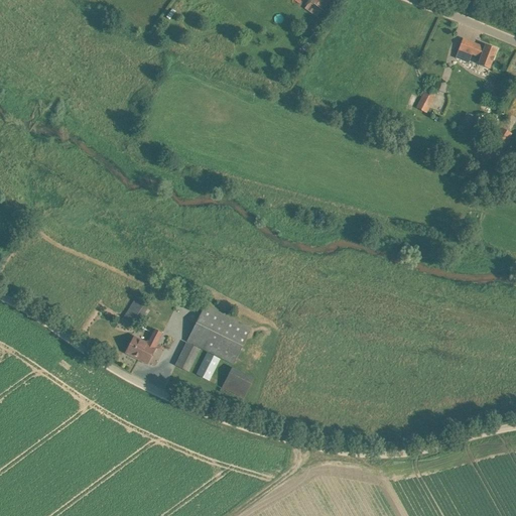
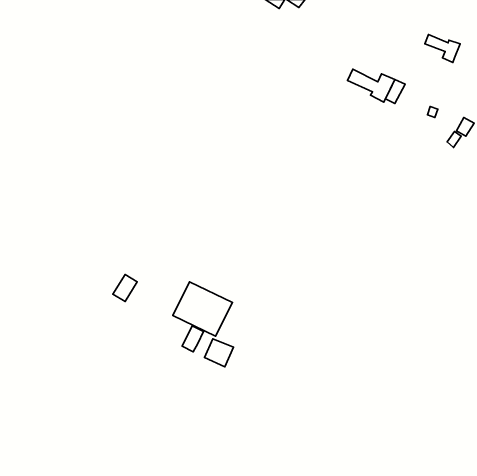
building: none -> [348,69,395,102]
building: [125,328,162,363] -> none
building: [175,342,200,371] -> none

